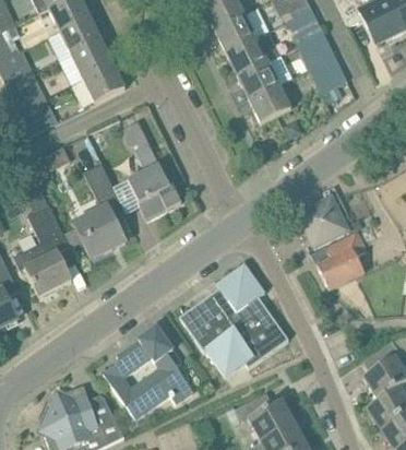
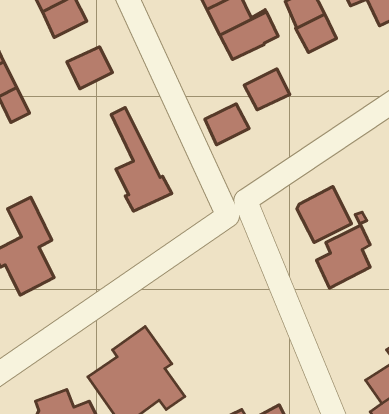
building: [71,39,114,78] -> none
building: [309,56,347,93] -> none
building: [238,61,279,99] -> [205,104,249,145]
building: [73,162,126,258] -> none
building: [179,263,288,375] -> none

